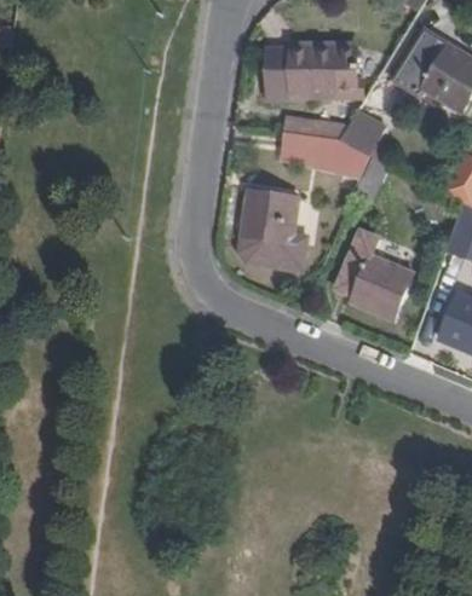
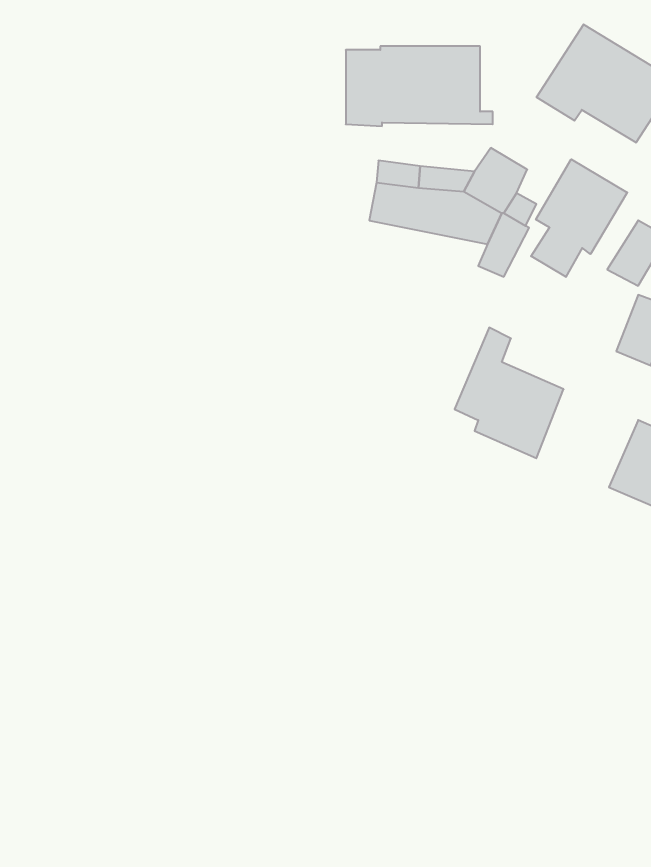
building: none -> [531,159,627,277]
building: [241,189,301,259] -> none

